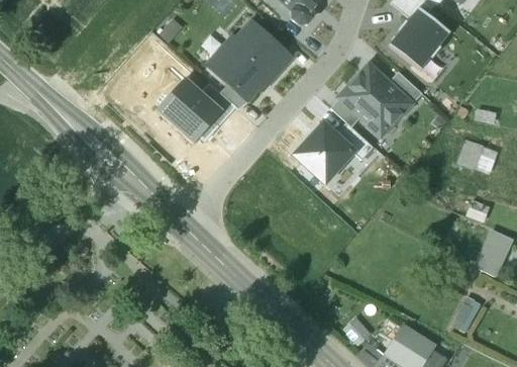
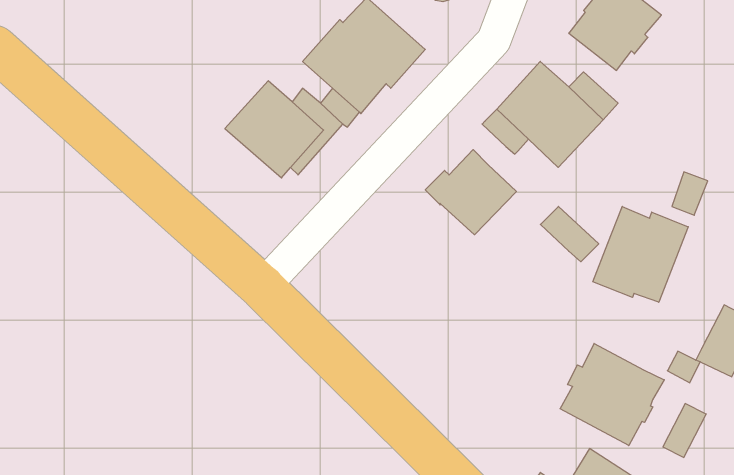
building: [333,122,373,160] -> [540,206,599,262]
building: none -> [593,206,688,302]
building: none -> [560,343,664,446]

